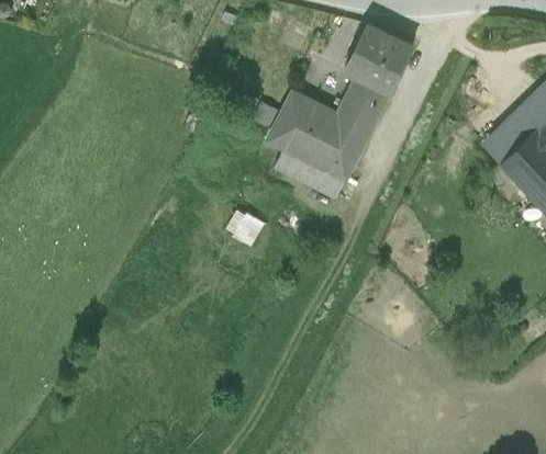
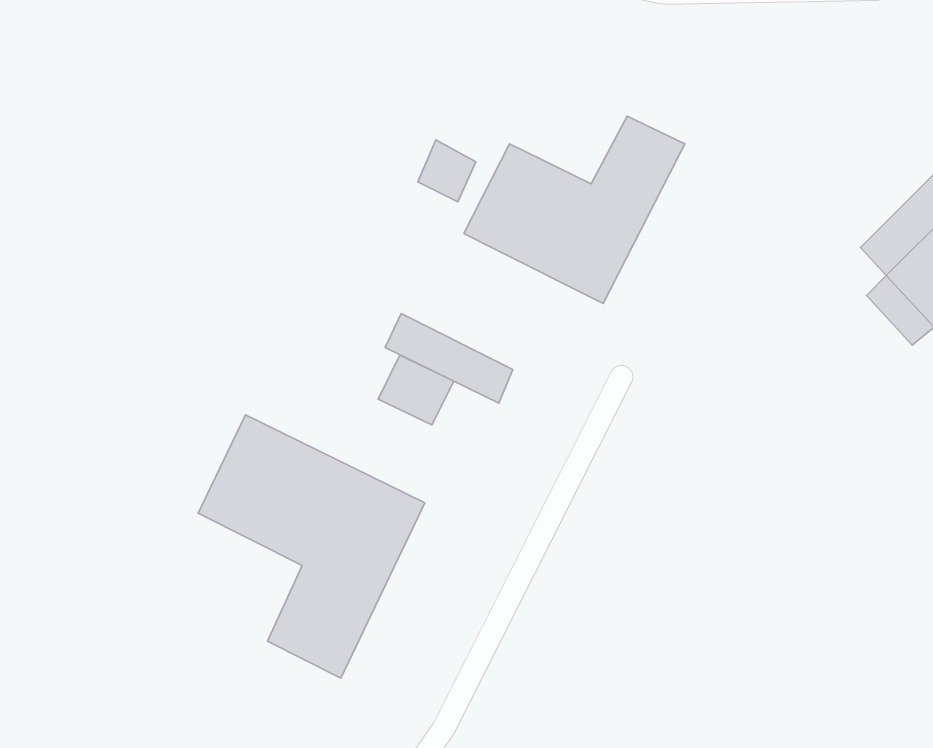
building: [345,23,413,91] -> none
building: [275,148,345,197] -> [385,314,513,403]
building: none -> [198,415,425,678]

